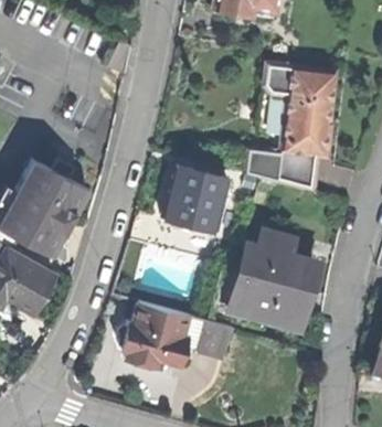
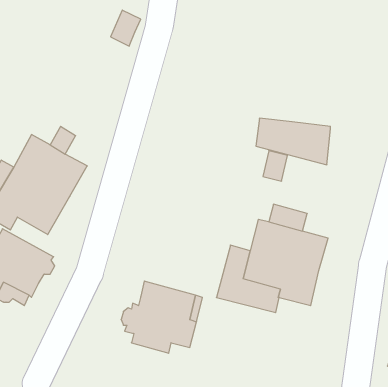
building: [265,64,337,158] -> none
building: [162,166,229,229] -> none
building: [197,319,234,356] -> none

